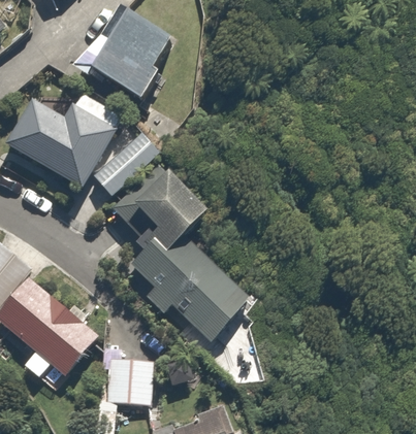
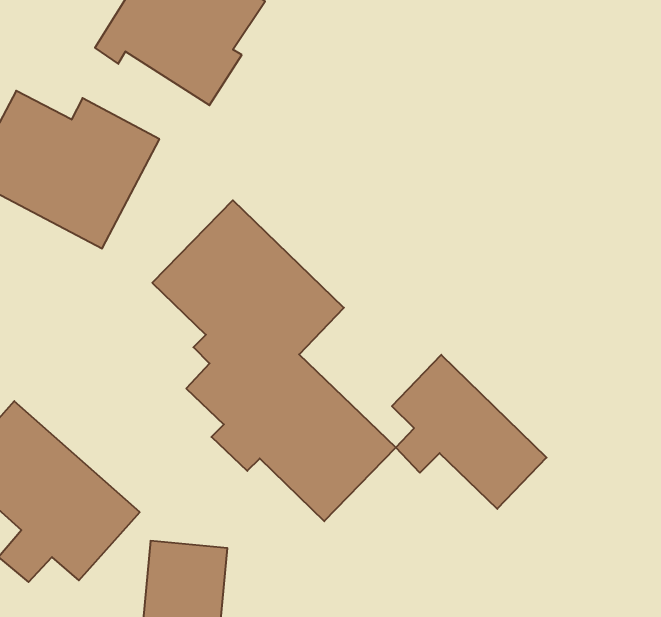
building: [90,127,161,196] -> none
building: none -> [392,355,547,509]

